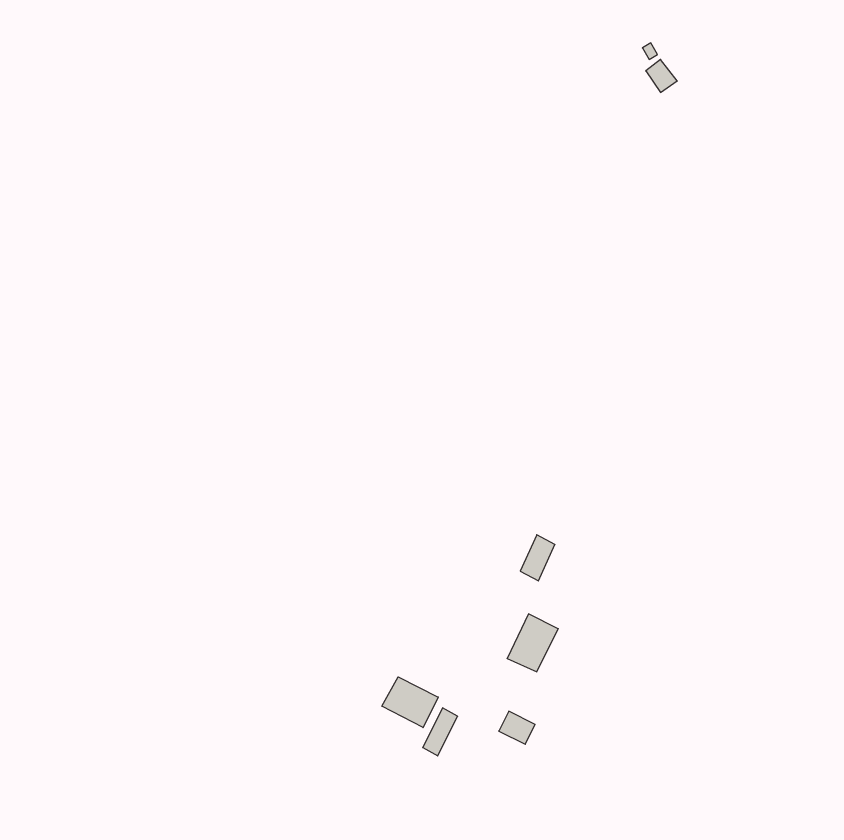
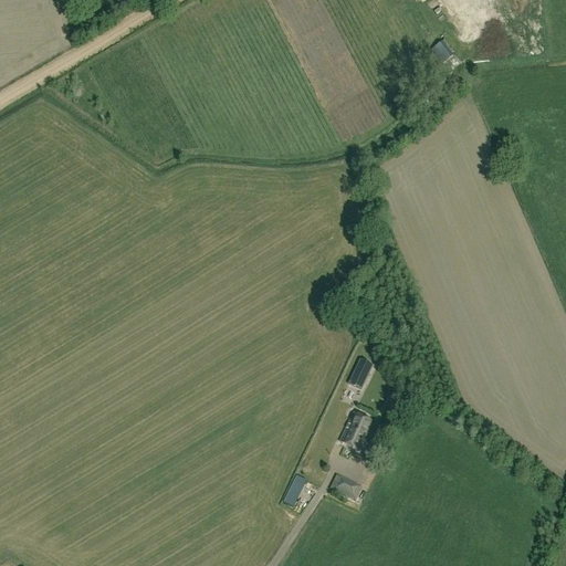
building: [382,677,438,728] -> none

